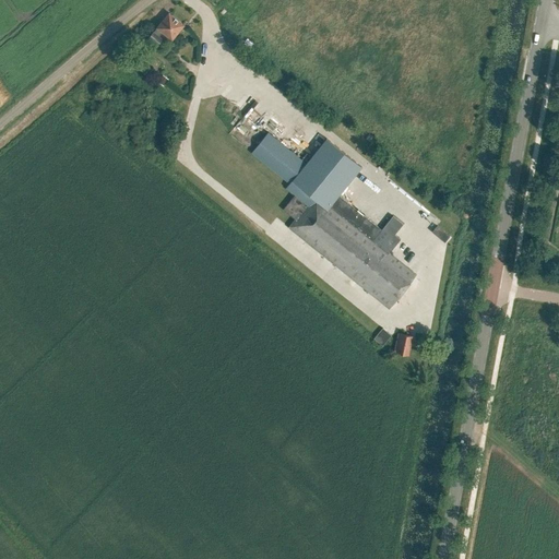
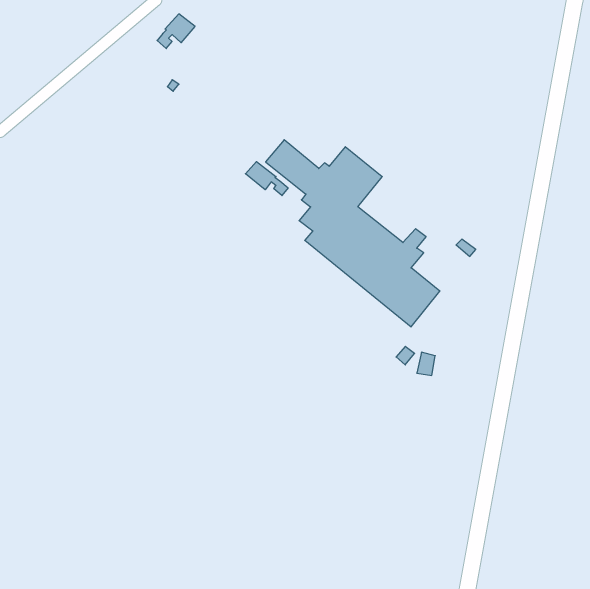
building: none -> [245,162,288,196]

